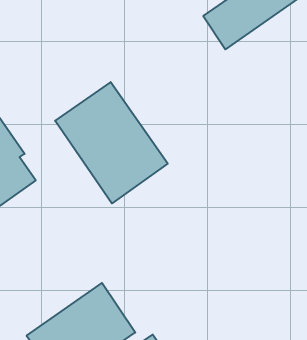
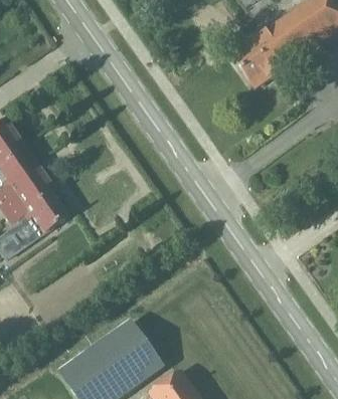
building: [55,82,168,203] -> none

